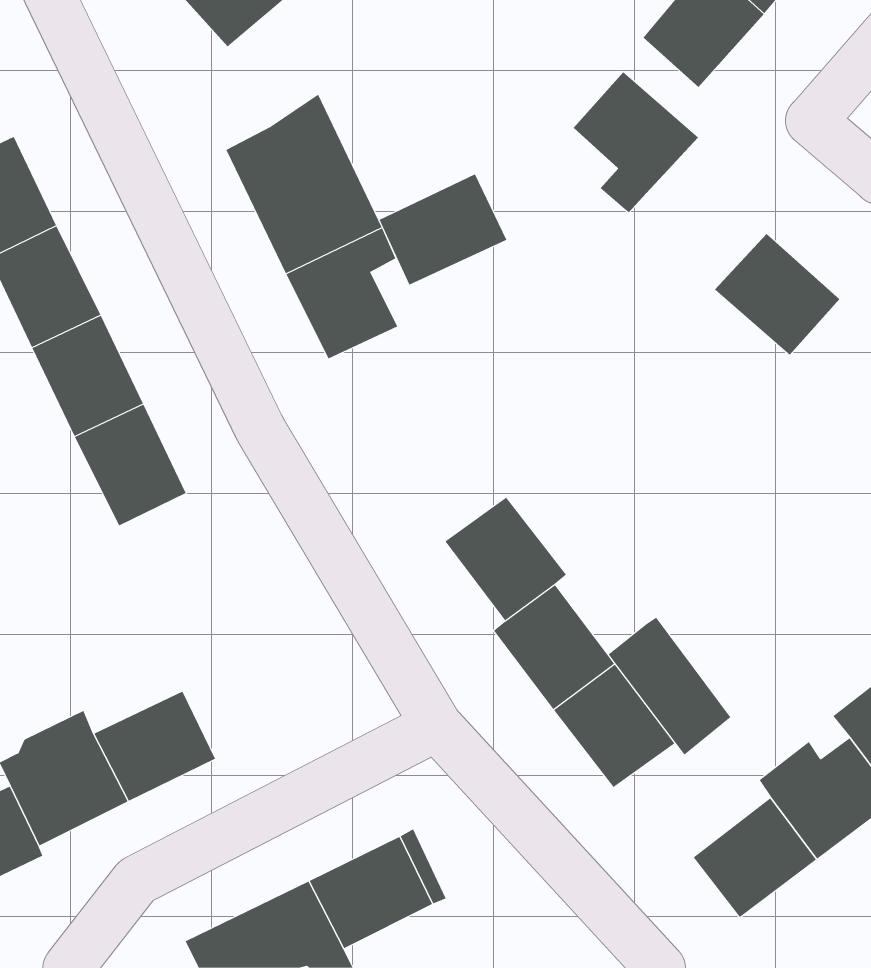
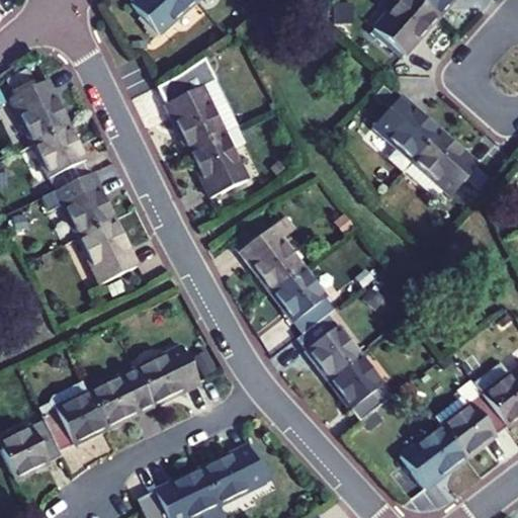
building: [573,72,699,213] -> [374,95,440,169]
building: [379,173,507,286] -> none
building: none -> [241,214,305,290]
building: [608,617,731,755] -> none
building: none -> [136,345,200,404]

